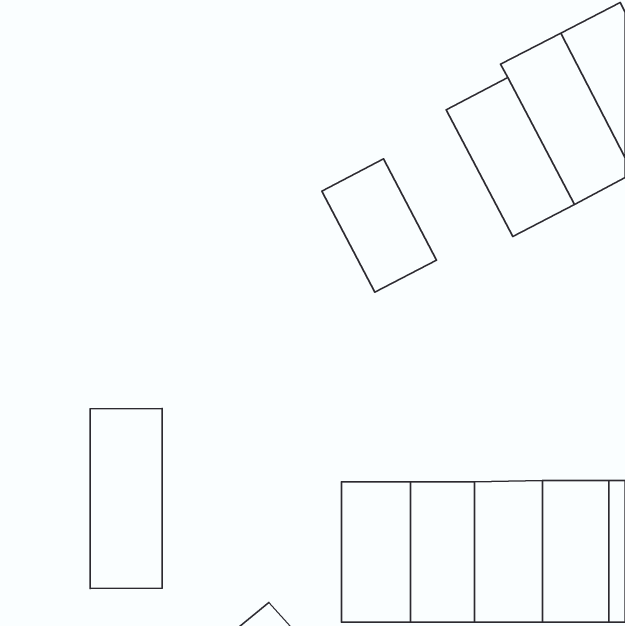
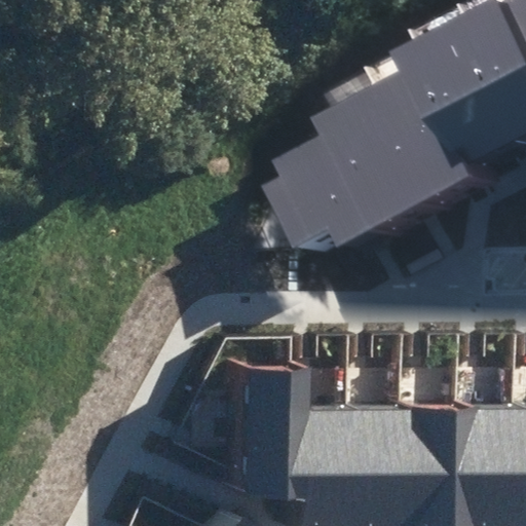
building: none -> [314,95,427,230]
building: [90,409,162,588] -> none
building: none -> [229,366,285,495]

